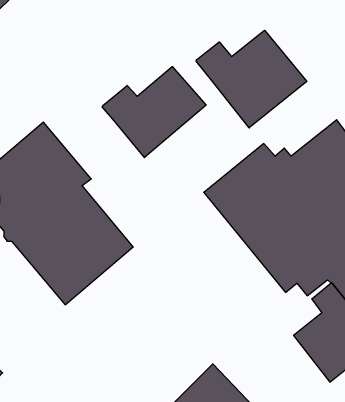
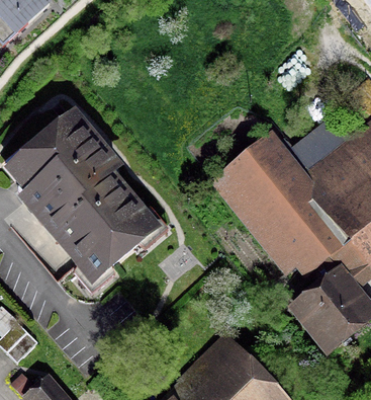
building: [196,30,307,128] -> none
building: [102,67,206,158] -> none

